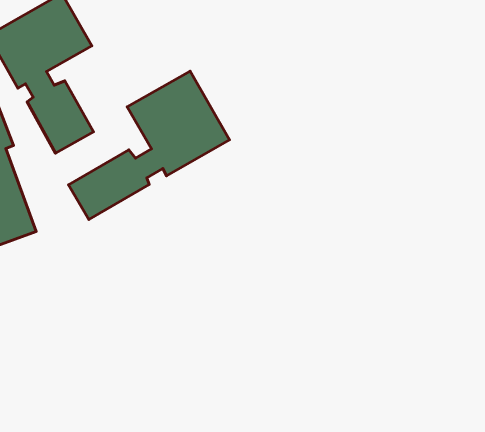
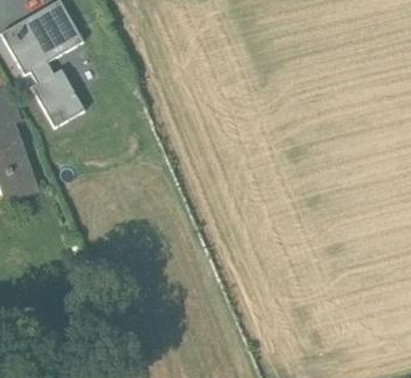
building: [69,71,229,220] -> none

